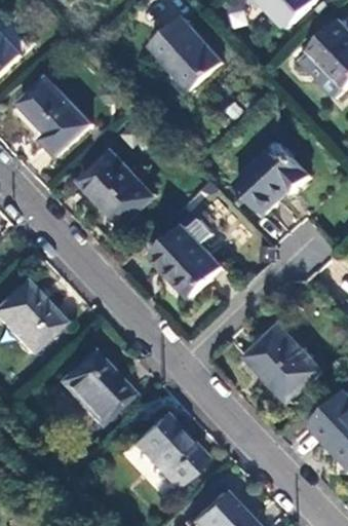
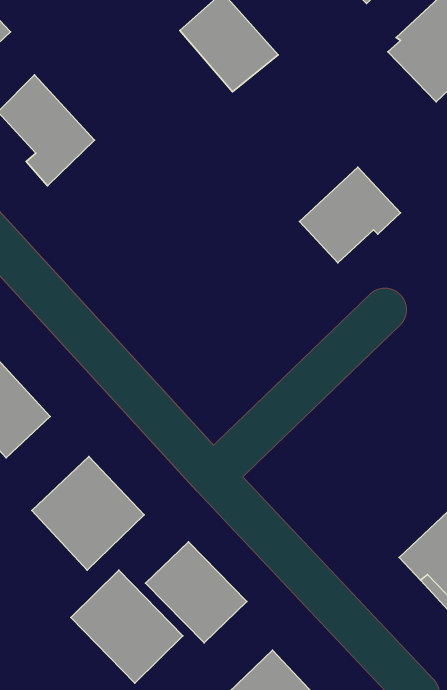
building: [79,151,153,228] -> none
building: [150,219,221,297] -> none
building: [245,325,321,402] -> none
building: none -> [71,570,183,683]

